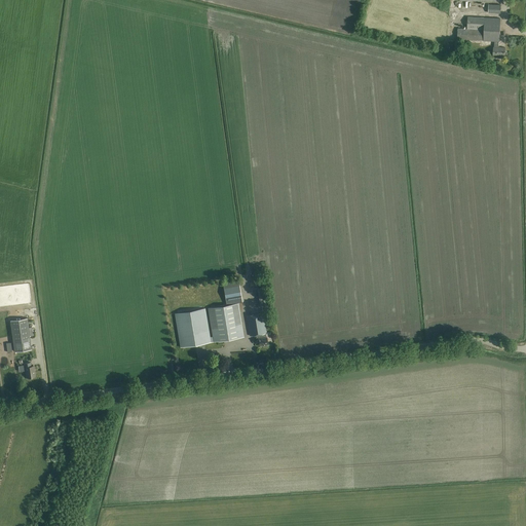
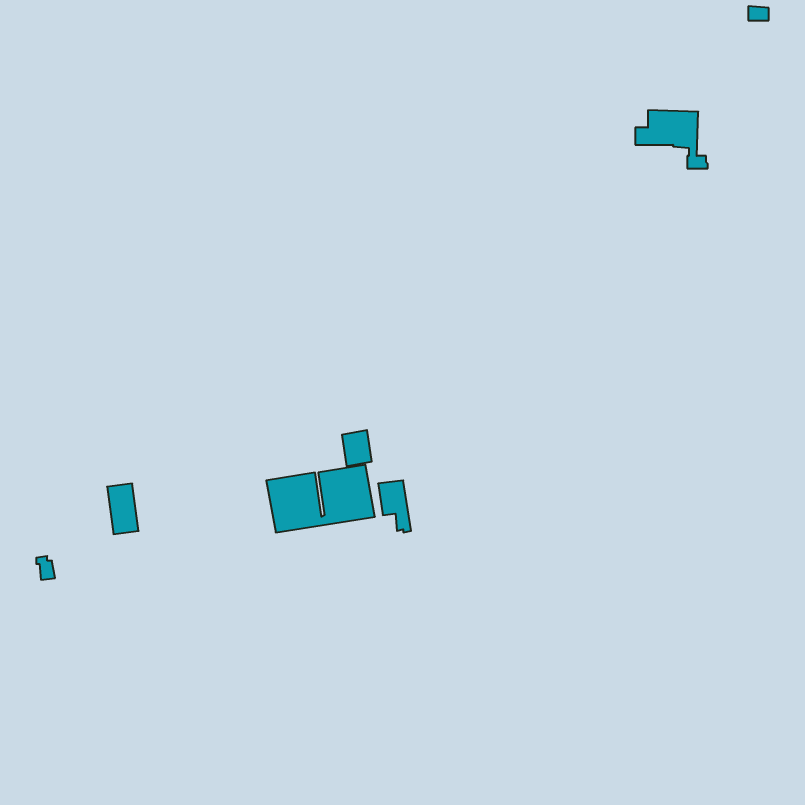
building: [459,17,506,55] -> [635,110,708,168]
building: [10,318,31,351] -> [107,484,139,534]

